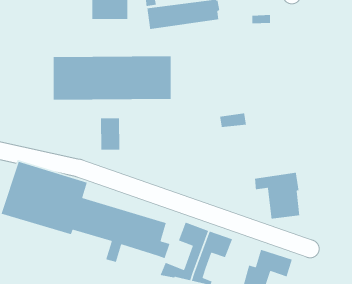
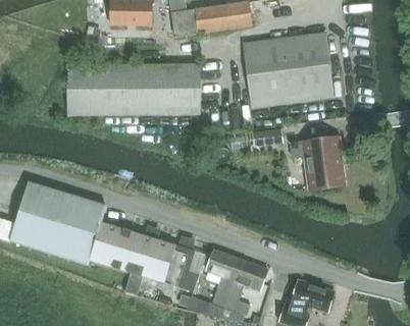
building: none -> [244,33,332,108]
building: [100,117,120,151] -> none
building: [254,172,300,220] -> [291,138,342,191]

